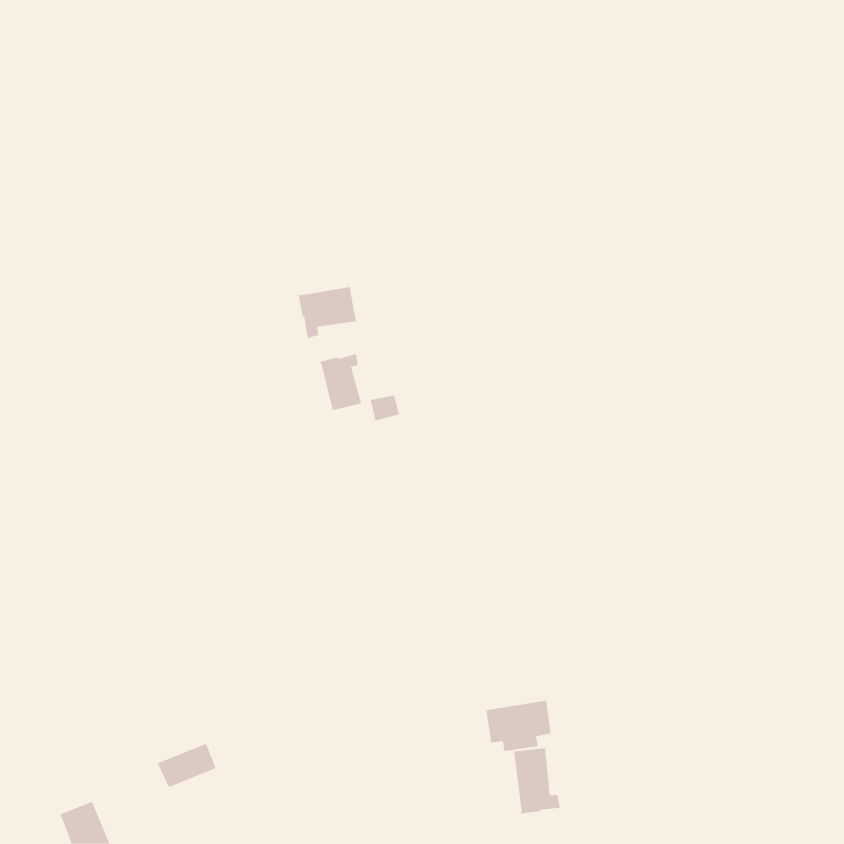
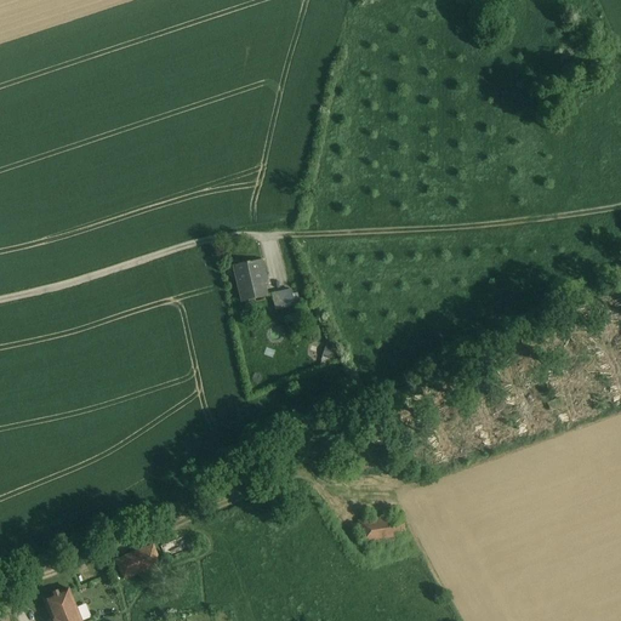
building: [298,283,357,339] -> none
building: [511,747,560,814] -> none

